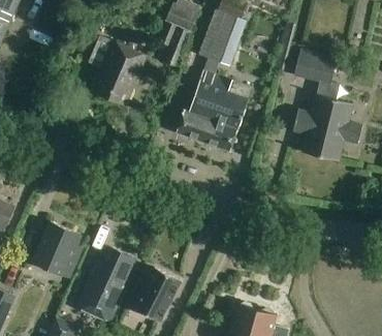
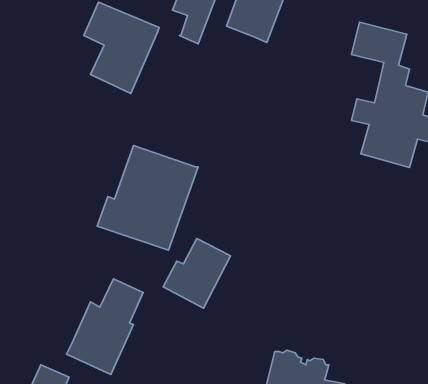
building: [176,71,253,152] -> [97,145,198,250]
building: [31,222,81,277] -> none
building: [128,269,180,323] -> [163,238,231,308]

